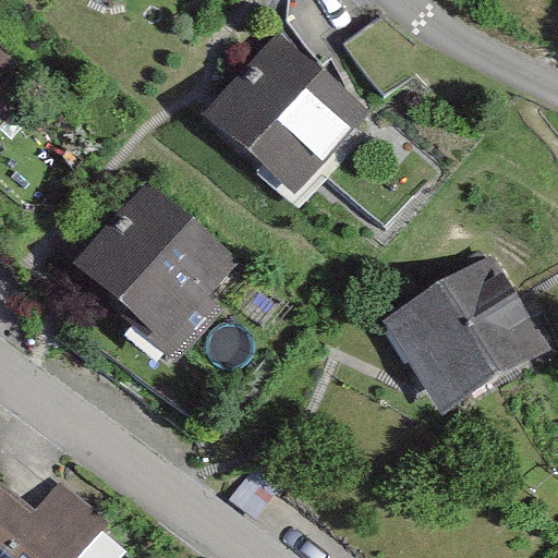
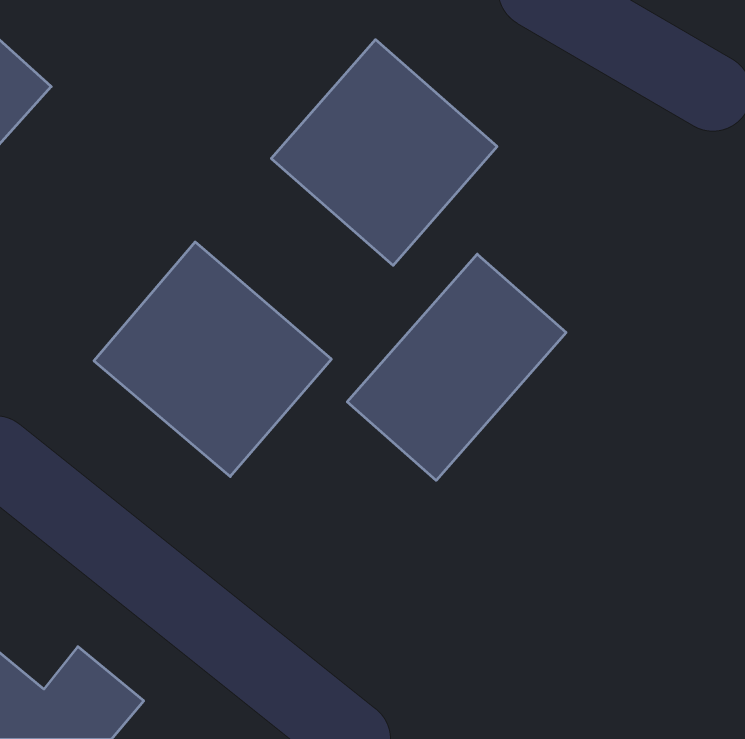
building: none -> [347,254,566,480]
building: [381,255,547,414] -> none

